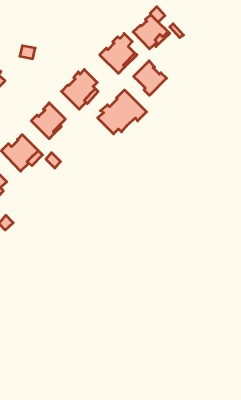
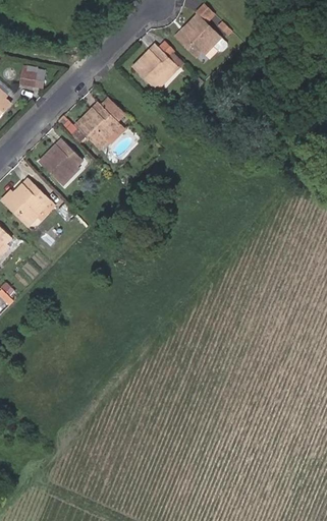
building: [134,61,167,95] -> none
building: [98,90,147,134] -> none

